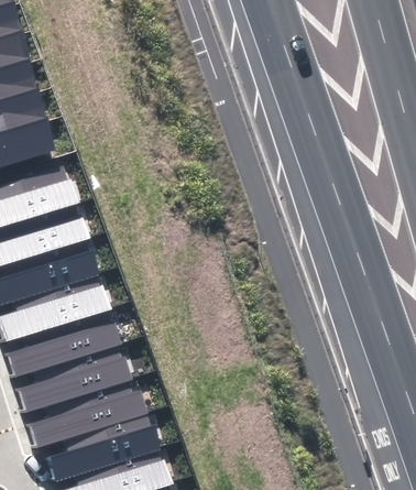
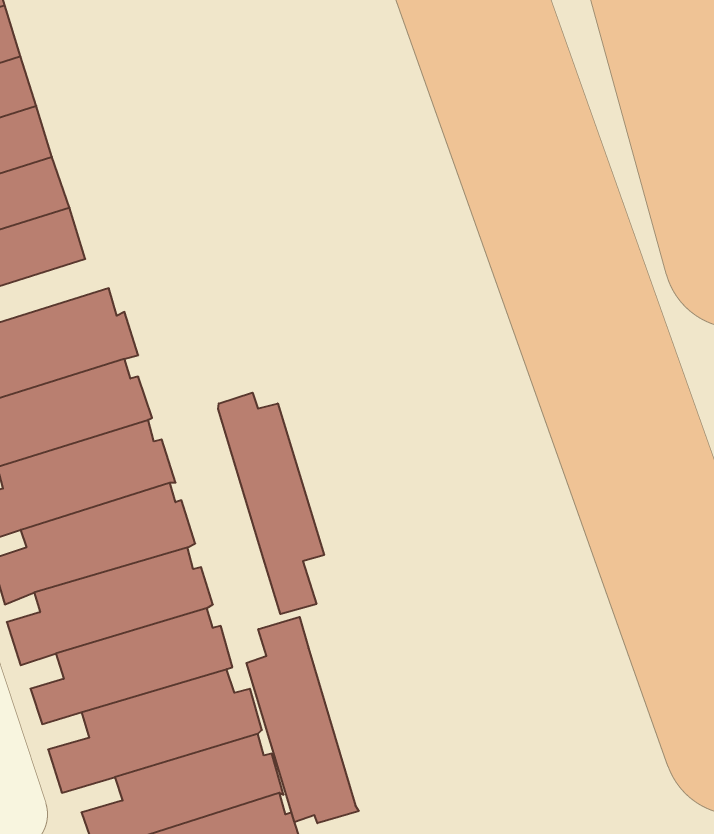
building: none -> [218,393,324,614]
building: none -> [246,617,359,823]

